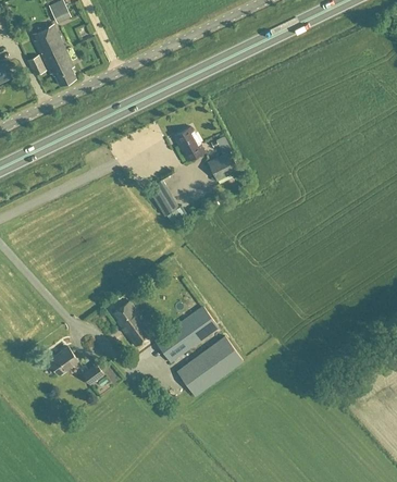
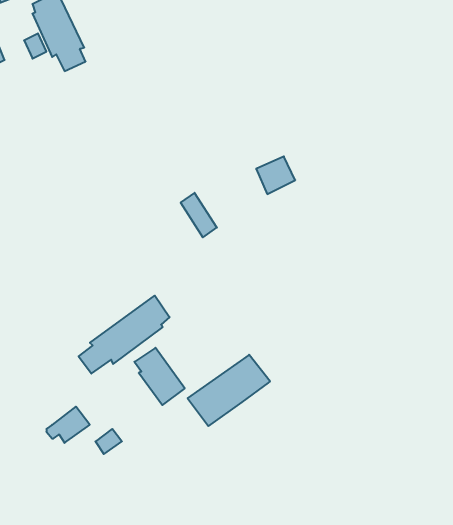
building: [173,127,204,161] -> none
building: none -> [79,296,170,374]
building: [176,336,243,396] -> none

